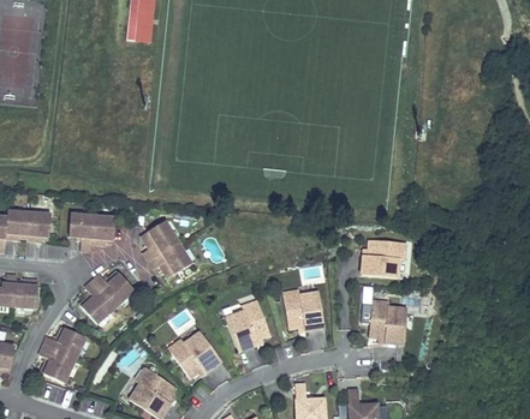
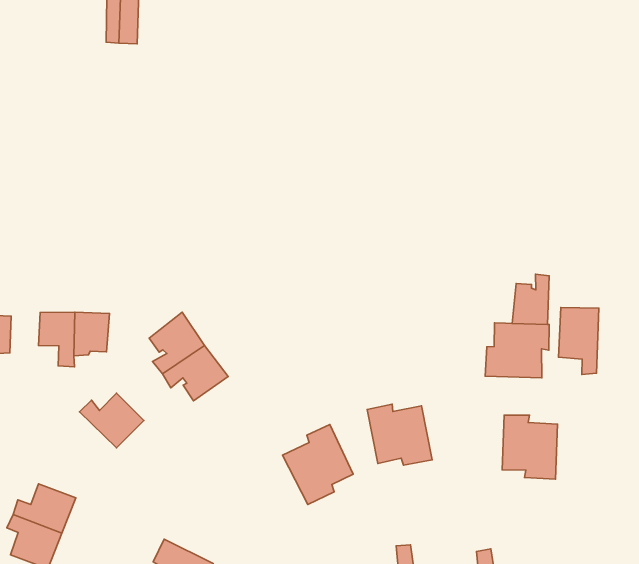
building: none -> [512,274,549,324]
building: none -> [559,307,599,374]
building: [79,281,115,323] -> none
building: [169,330,222,377] -> none

